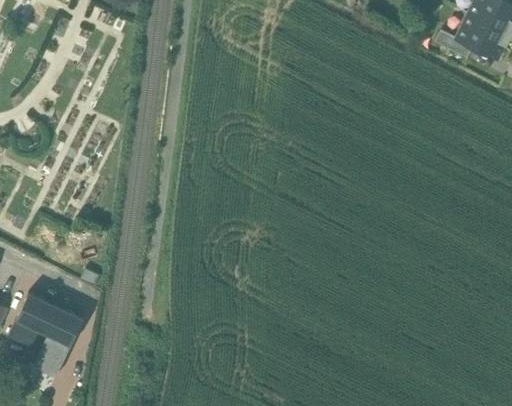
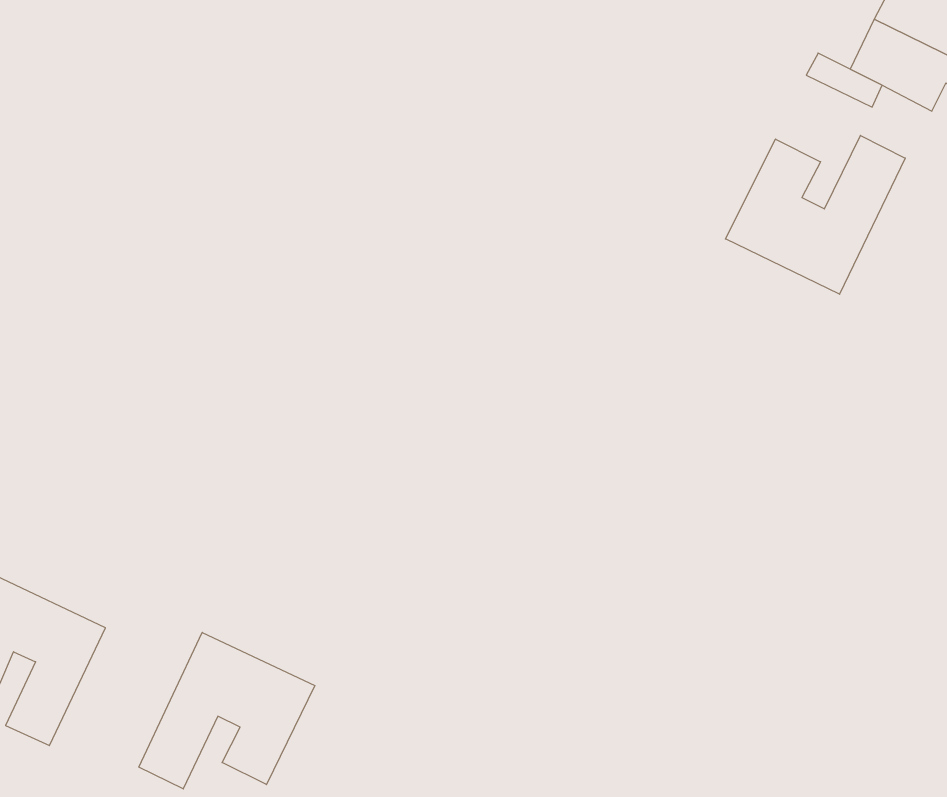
building: none -> [725,135,905,294]
building: none -> [139,632,315,789]

